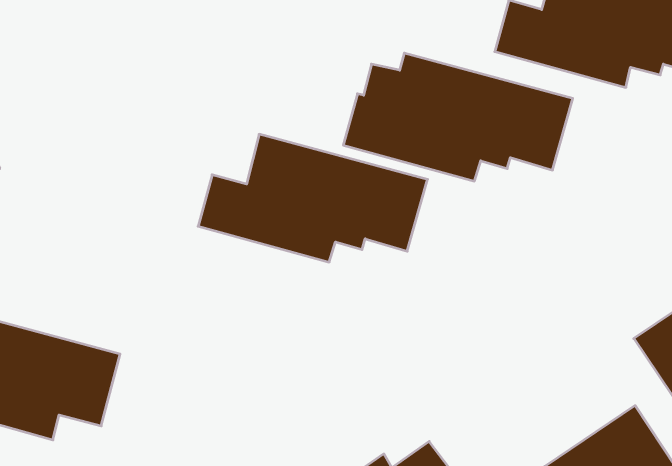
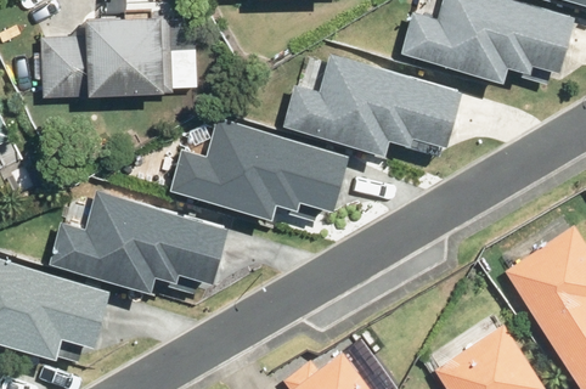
building: none -> [39,19,173,101]
building: none -> [45,188,222,288]

